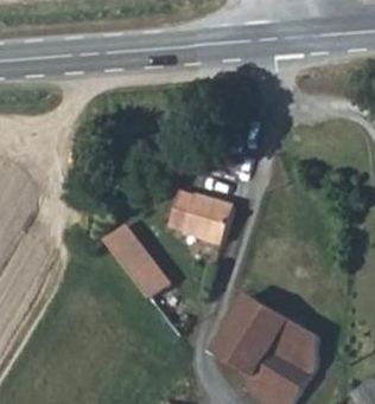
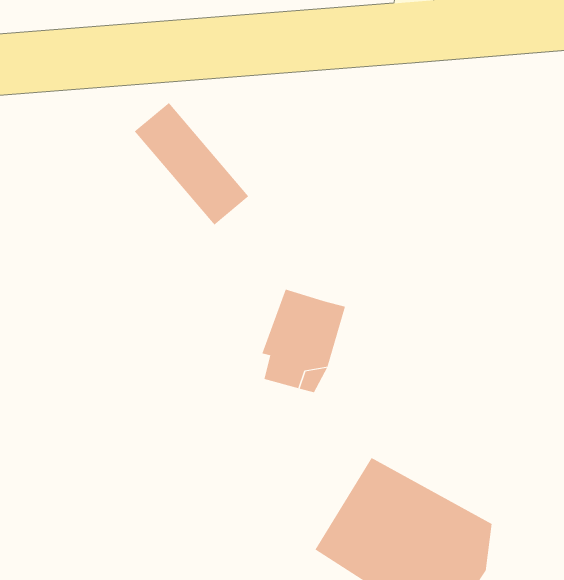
building: [104,222,174,296] -> [134,102,249,226]

